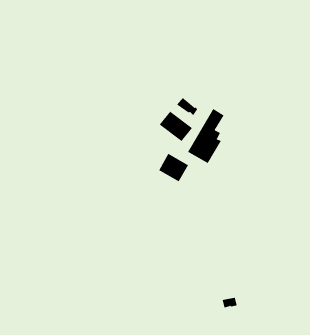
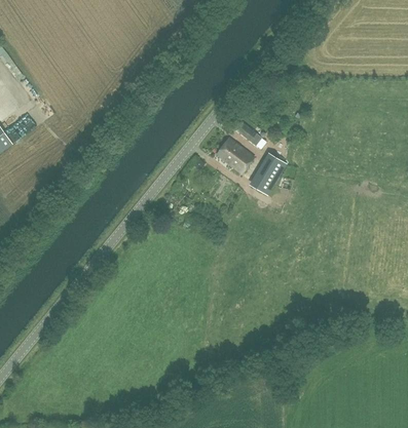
building: [159,153,189,182] -> none

